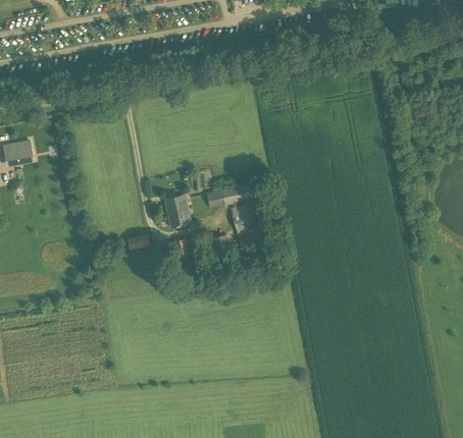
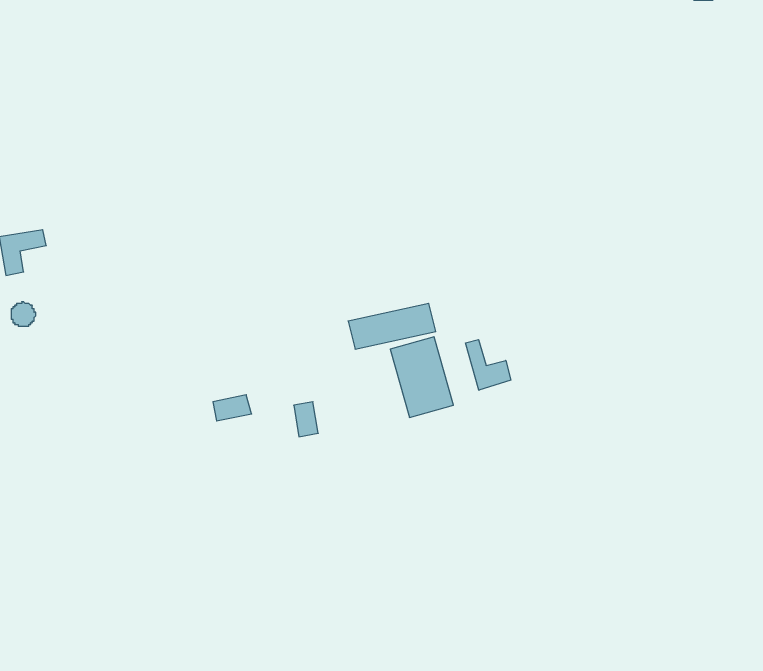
building: [163,194,191,228] -> none
building: none -> [466,340,511,390]

